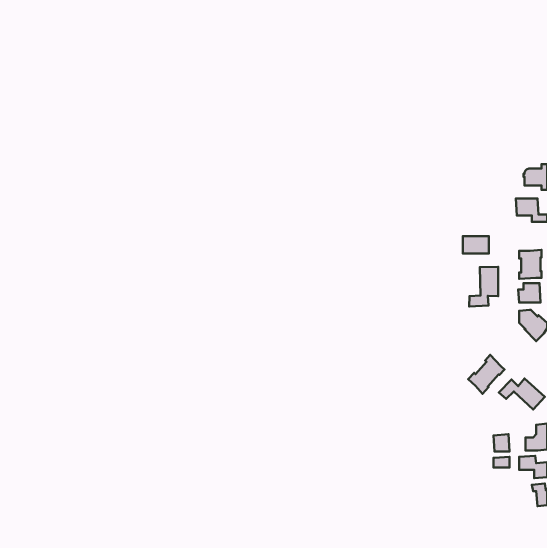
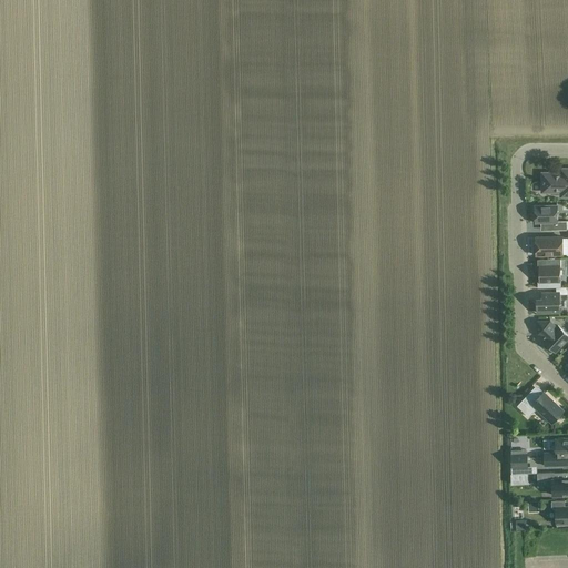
building: [463,236,489,253] -> [535,237,561,255]
building: [469,267,498,307] -> none
building: [468,355,504,394] -> none

